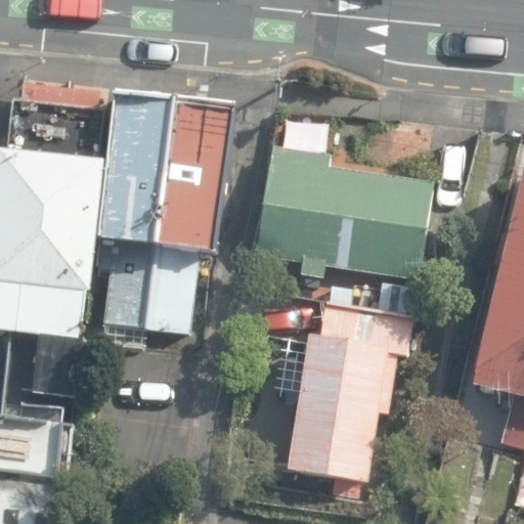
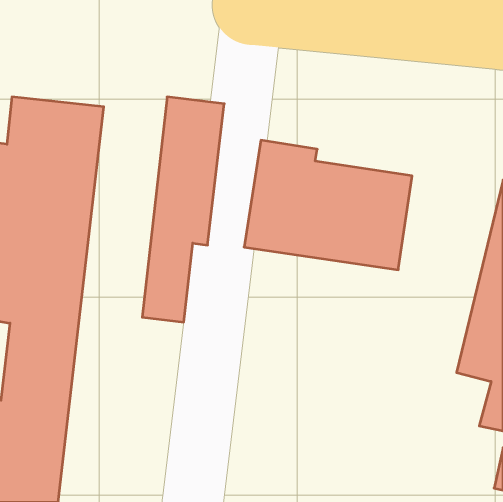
building: [98,94,173,344] -> none
building: [289,302,413,483] -> none

